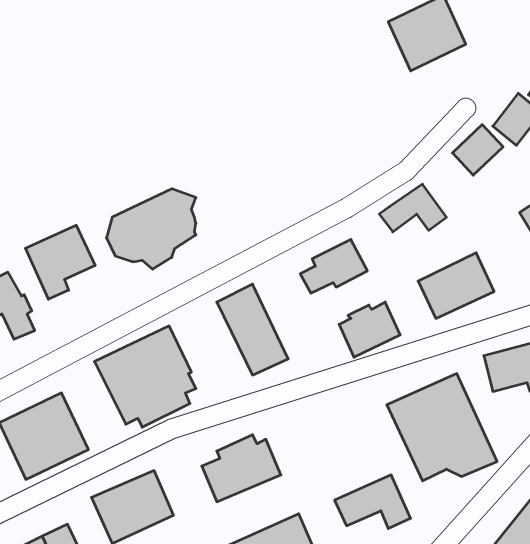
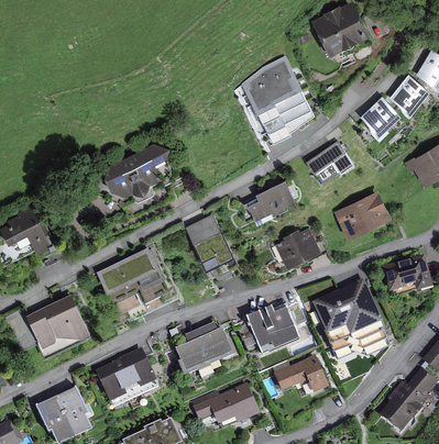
building: none -> [241,54,315,144]
building: [25,225,95,299] -> none
building: none -> [248,304,301,346]

